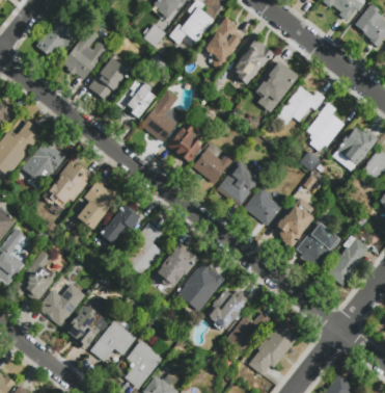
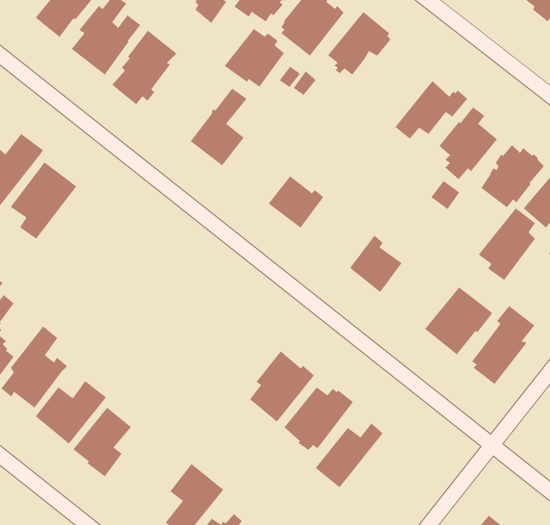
building: [257,60,293,107] -> none
building: [114,79,155,119] -> [224,28,285,88]
building: [167,122,202,164] -> none
building: [39,159,91,207] -> none
building: [216,161,260,207] -> none
building: [75,181,121,231] -> none
building: [275,197,313,245] -> [478,207,536,281]
building: [100,205,141,250] -> none
building: [127,221,163,277] -> none
building: [154,245,200,294] -> none
building: [90,318,137,361] -> none
building: [245,320,300,375] -> none

